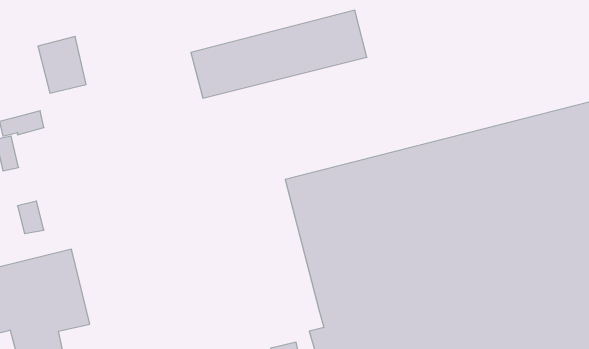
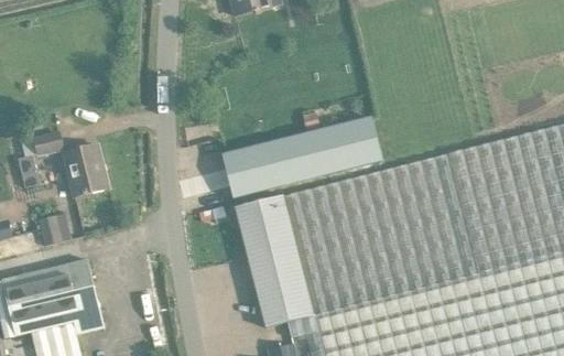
building: [191,10,367,98] -> [221,117,382,197]
building: [38,36,86,93] -> [63,144,107,196]
building: none -> [235,195,317,338]

